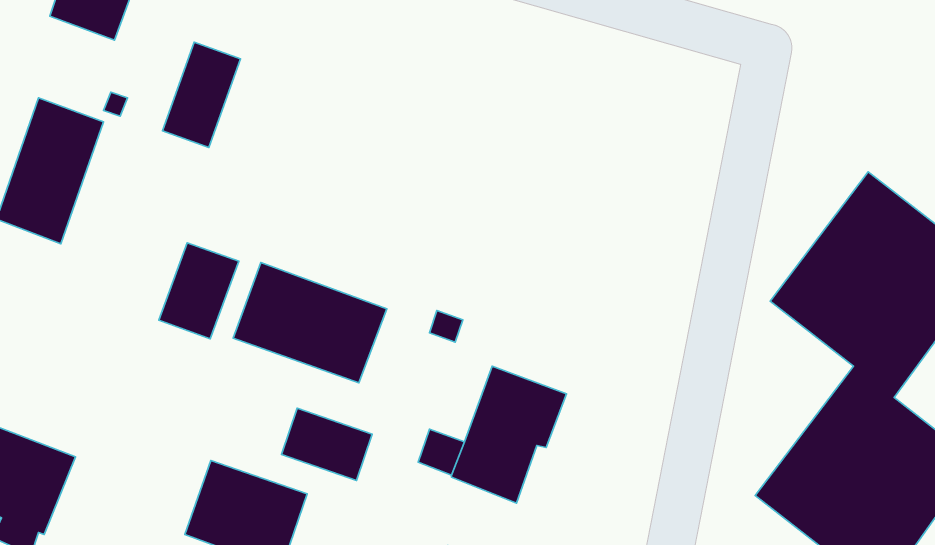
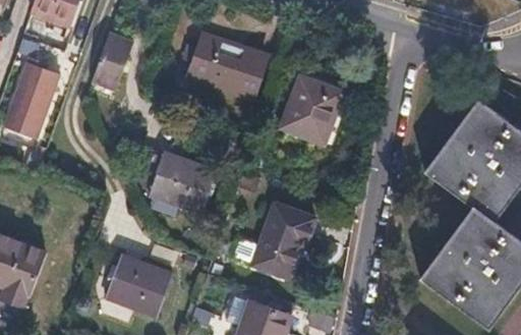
building: none -> [188,32,270,101]
building: none -> [279,80,341,148]
building: [159,243,239,339] -> none
building: [281,408,372,480] -> none

